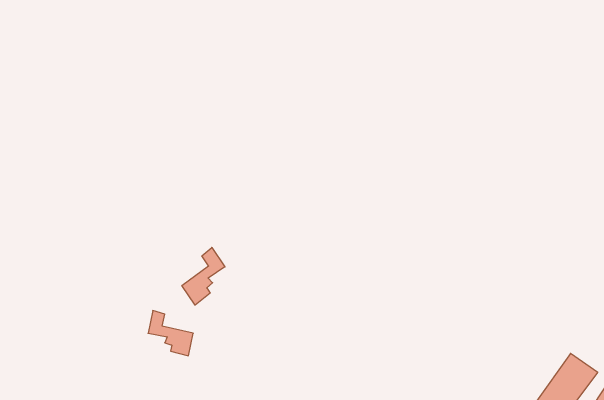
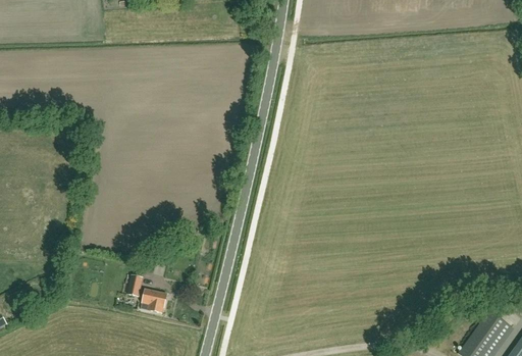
building: [182,247,225,305] -> none

